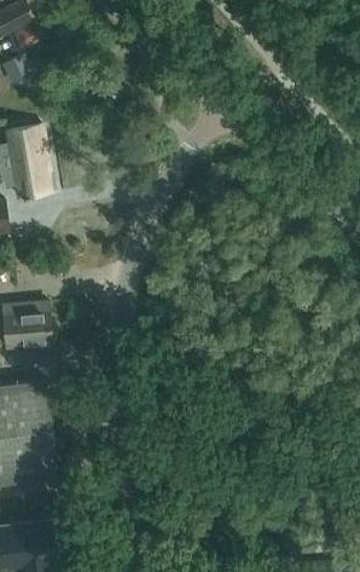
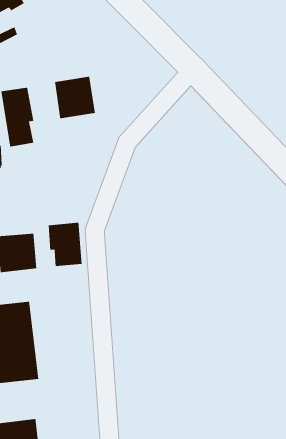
building: none -> [55,76,96,119]
building: none -> [48,222,82,267]

